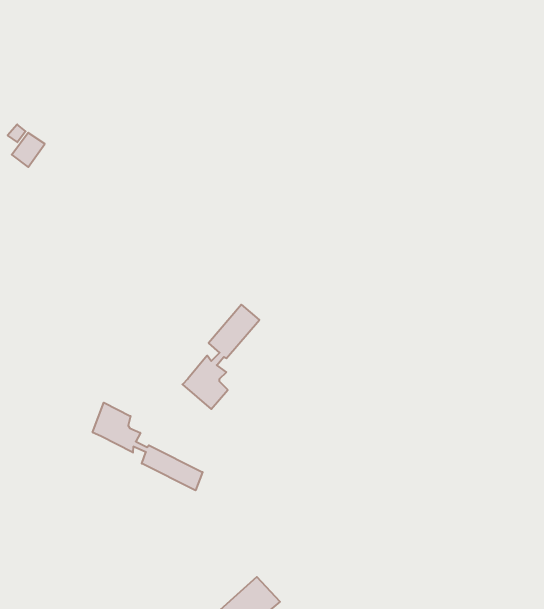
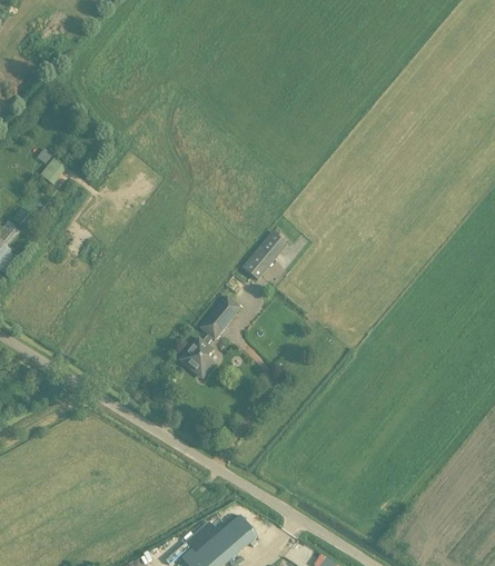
building: none -> [240,222,294,280]
building: [93,403,203,490] -> none

